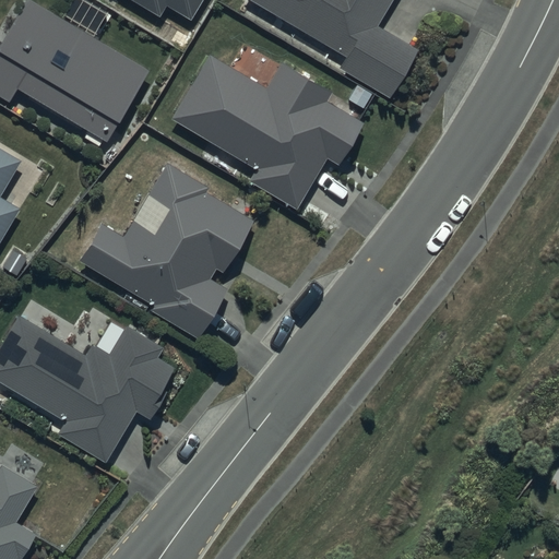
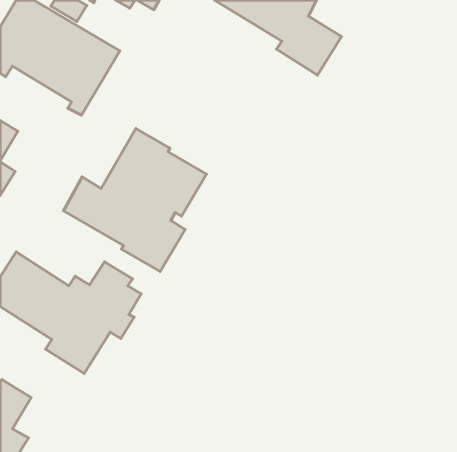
building: [170,52,361,207] -> none

